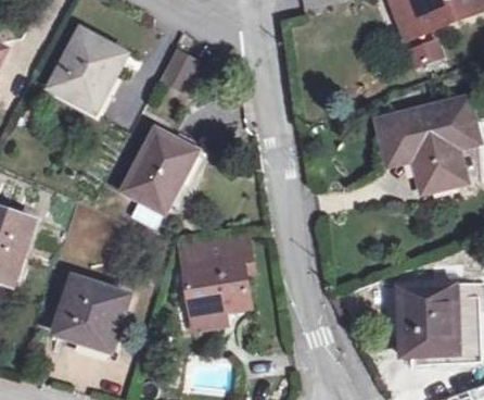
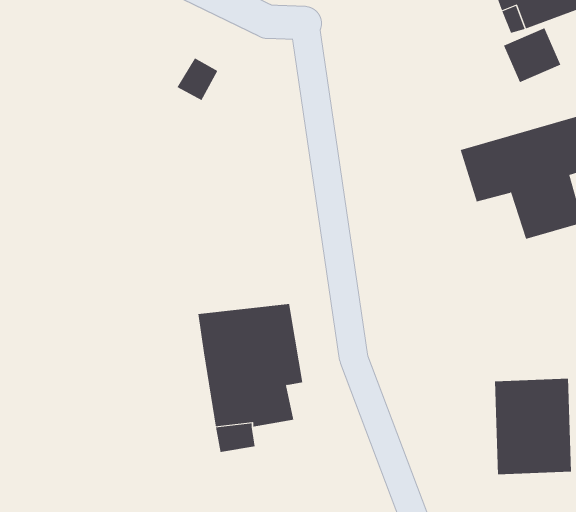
building: [53,28,127,108] -> none
building: [126,128,194,210] -> none
building: [55,278,126,353] -> none

